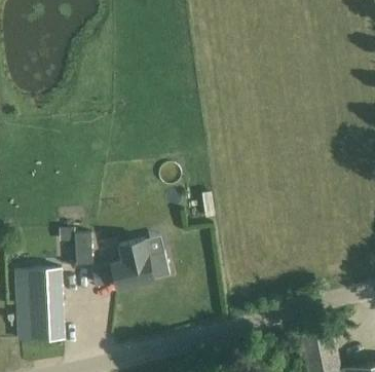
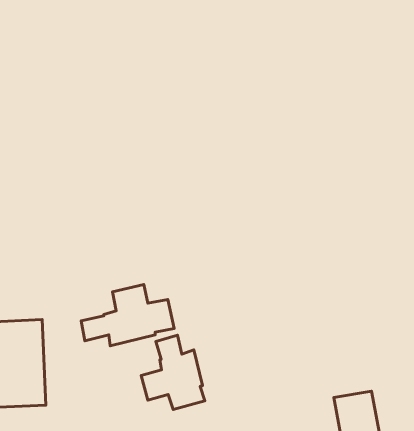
building: [75,233,92,265] -> none
building: none -> [141,335,205,410]

